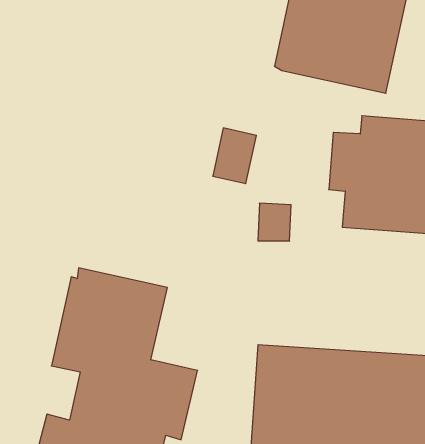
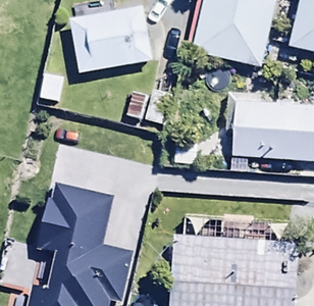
building: none -> [69,9,152,73]

